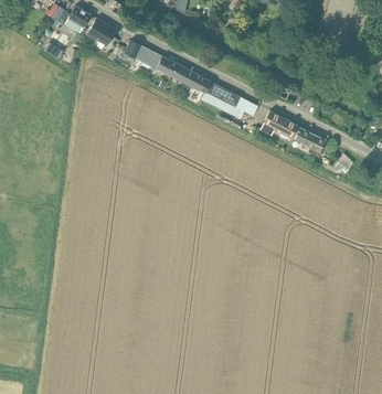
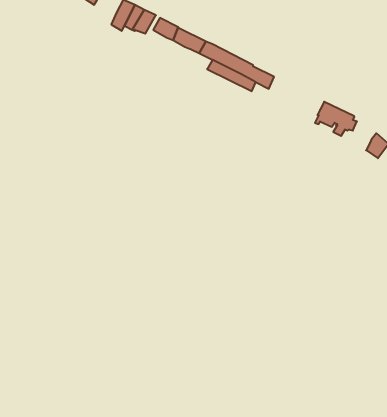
building: [261,110,298,145] -> none

